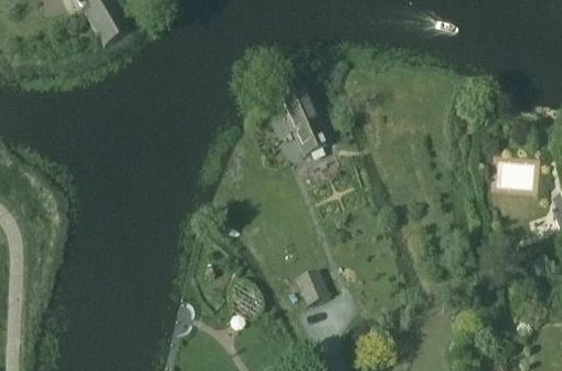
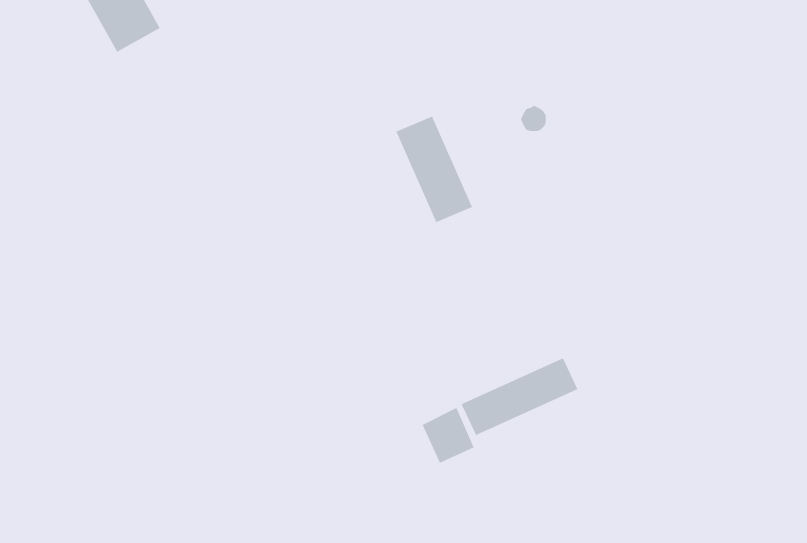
building: none -> [461,358,578,436]

